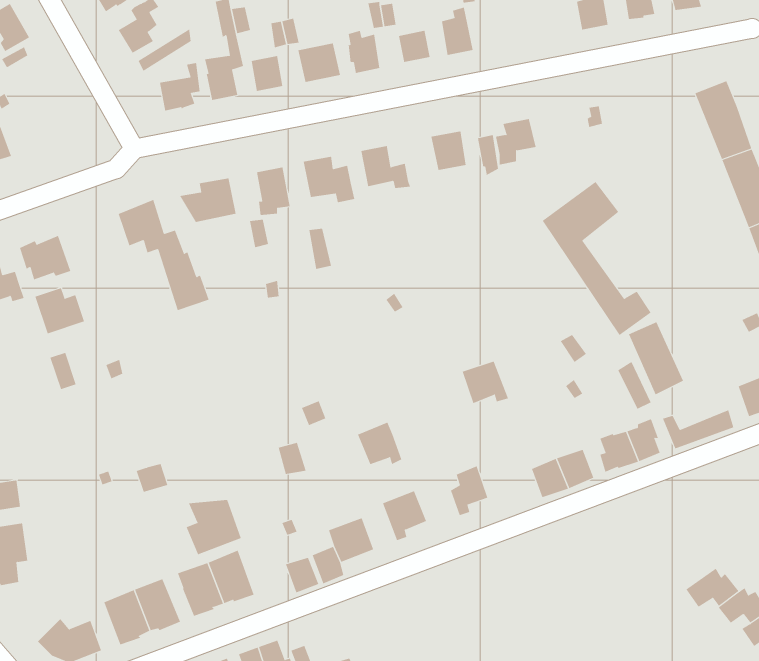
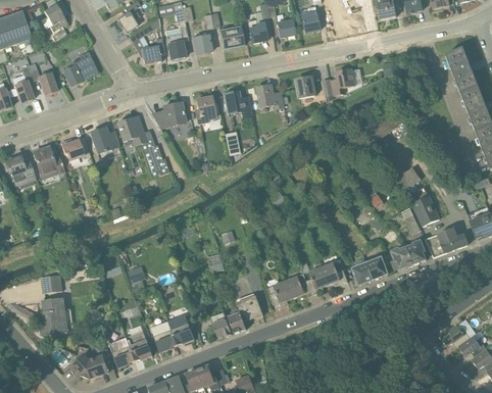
building: none -> [63,51,97,86]
building: [34,287,85,334] -> [90,127,118,153]
building: [462,361,509,404] -> [322,259,348,284]
building: [357,422,402,465] -> [286,273,311,297]
building: [186,499,242,555] -> none

